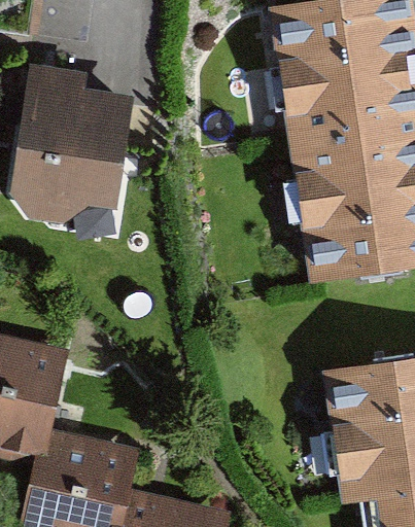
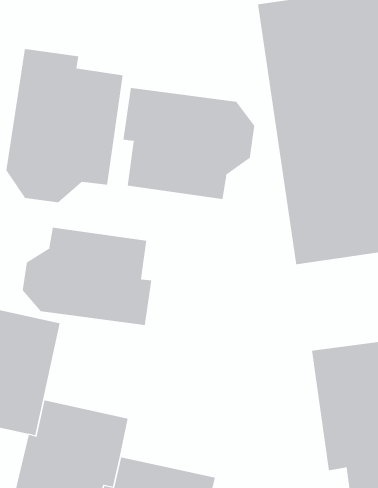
building: none -> [123,87,255,200]
building: none -> [22,227,152,326]

